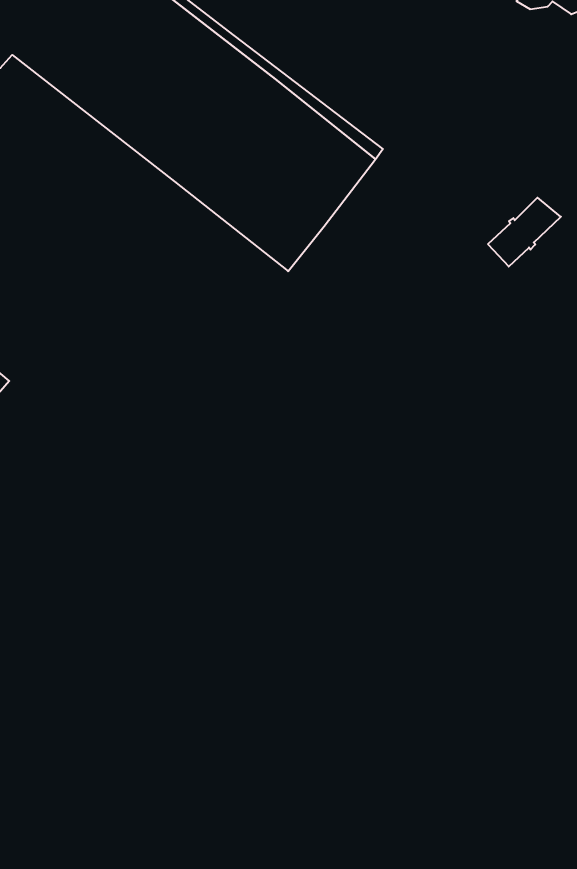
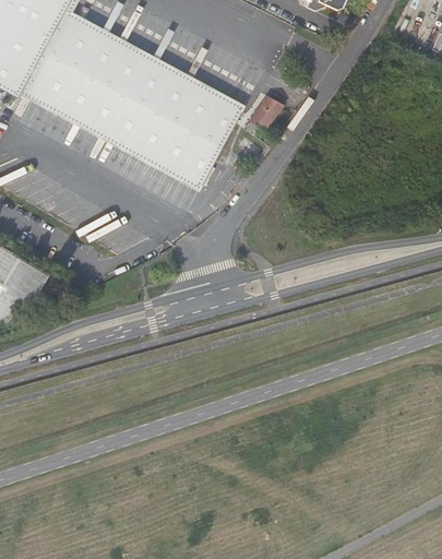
building: [488,198,561,267] -> [242,96,282,139]

